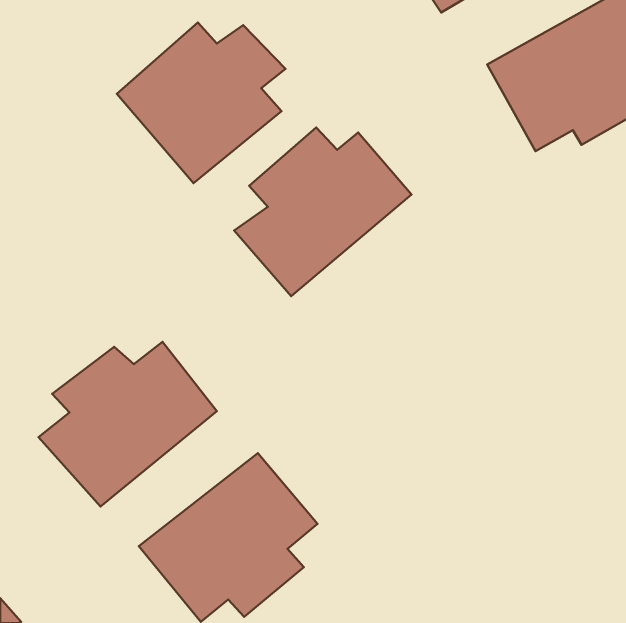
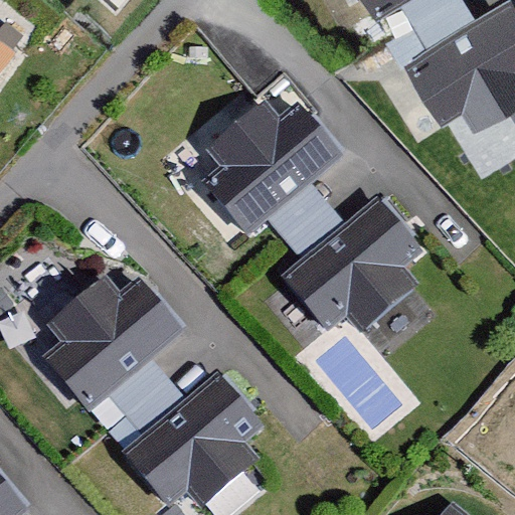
building: [117,23,285,183] -> none
building: none -> [283,196,426,329]

